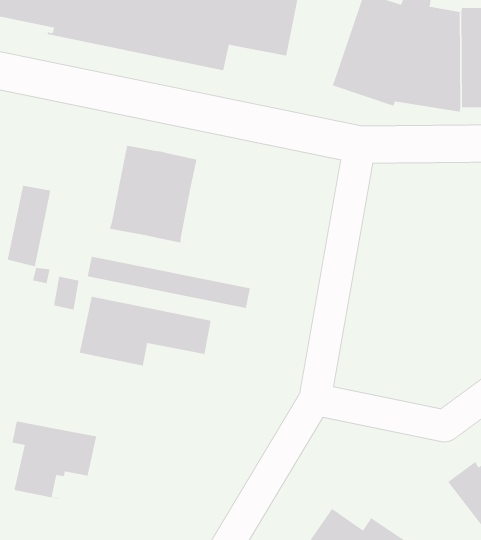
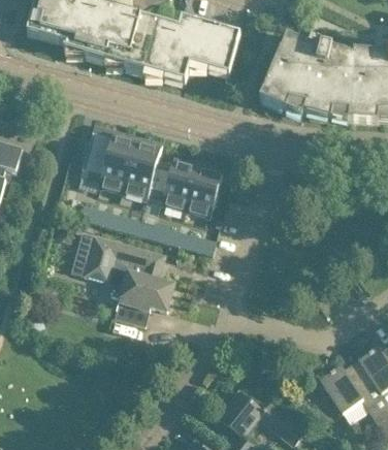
building: none -> [148,159,222,219]
building: [7,185,51,267] -> [79,125,114,183]
building: [12,421,97,499] -> [114,269,174,326]

